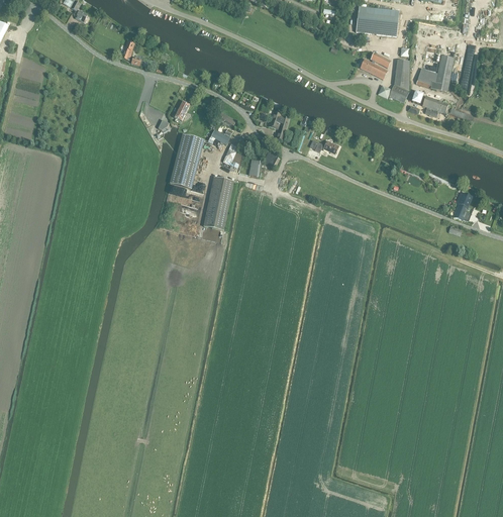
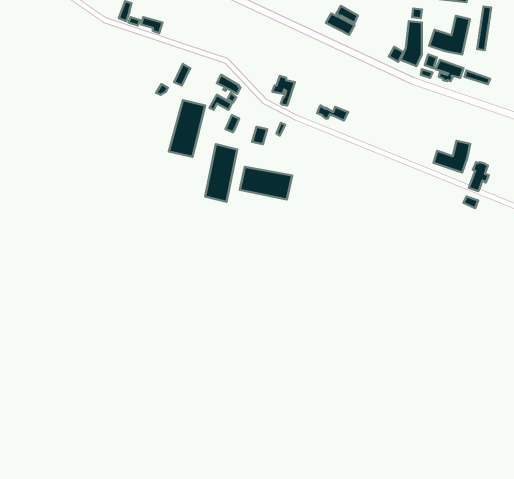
building: [360,51,390,79] -> [326,6,358,35]
building: none -> [433,141,470,172]
building: none -> [240,167,292,199]

